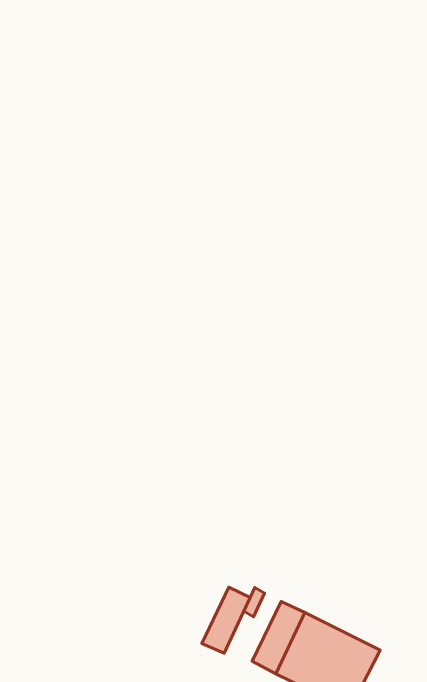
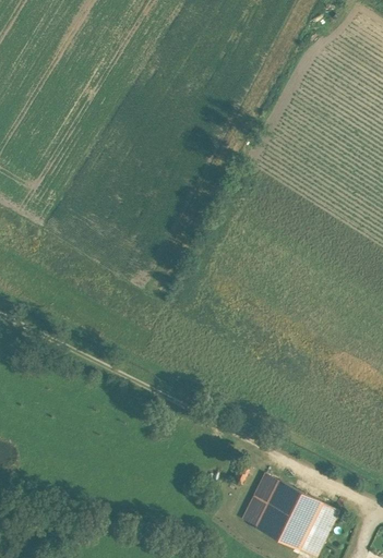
building: [202,587,250,653] -> none

